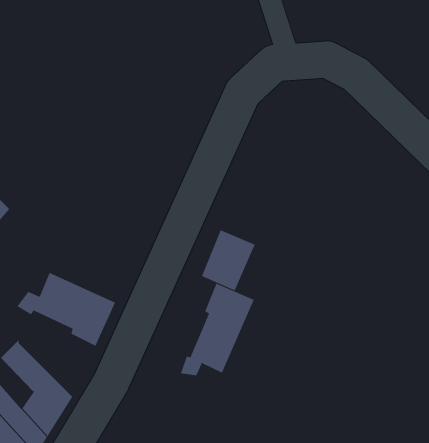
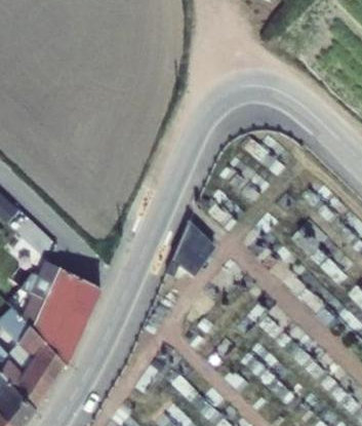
building: [180,283,254,376] -> none
building: none -> [19,294,82,363]

